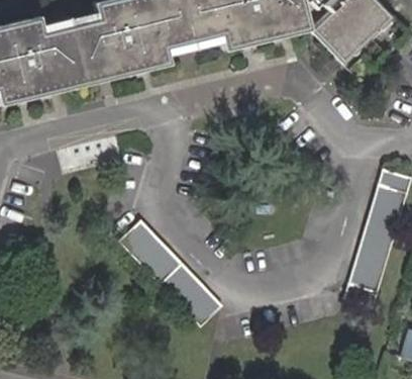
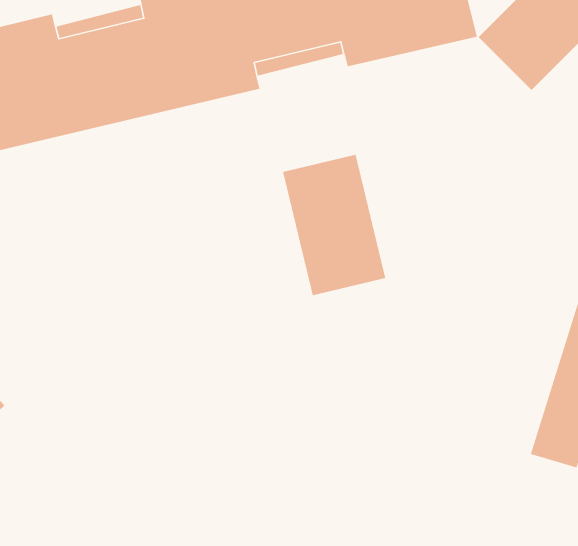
building: none -> [282,154,386,296]
building: [119,220,224,326] -> none

